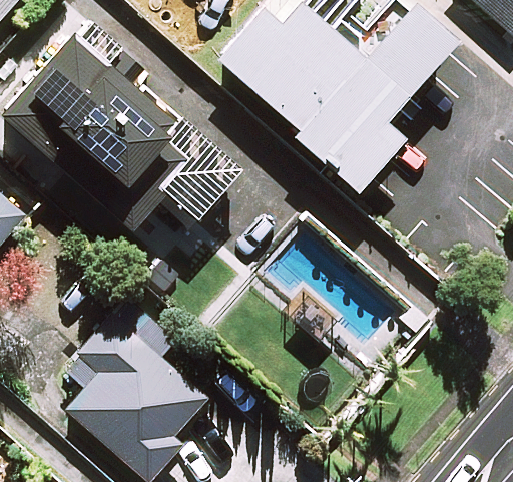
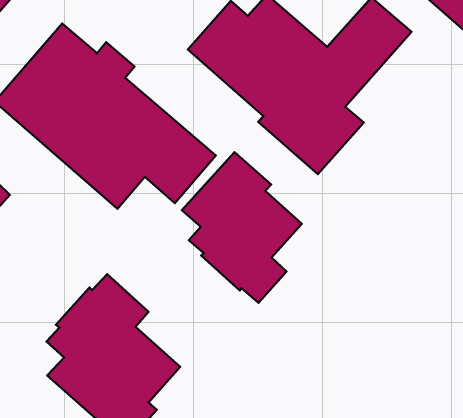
building: none -> [182,152,302,303]

